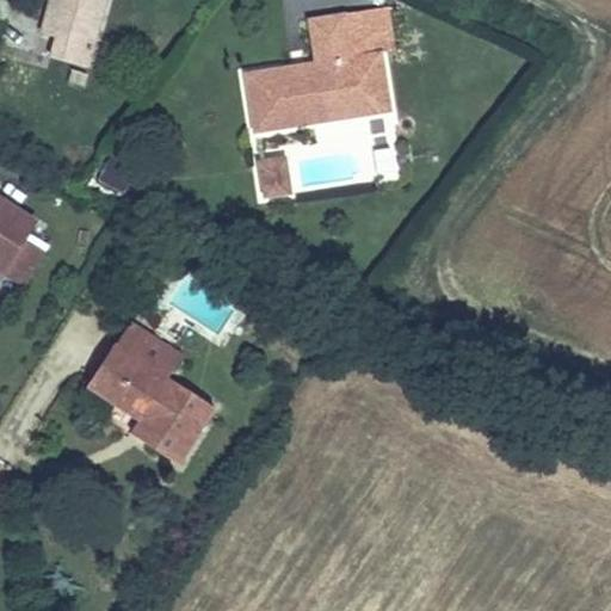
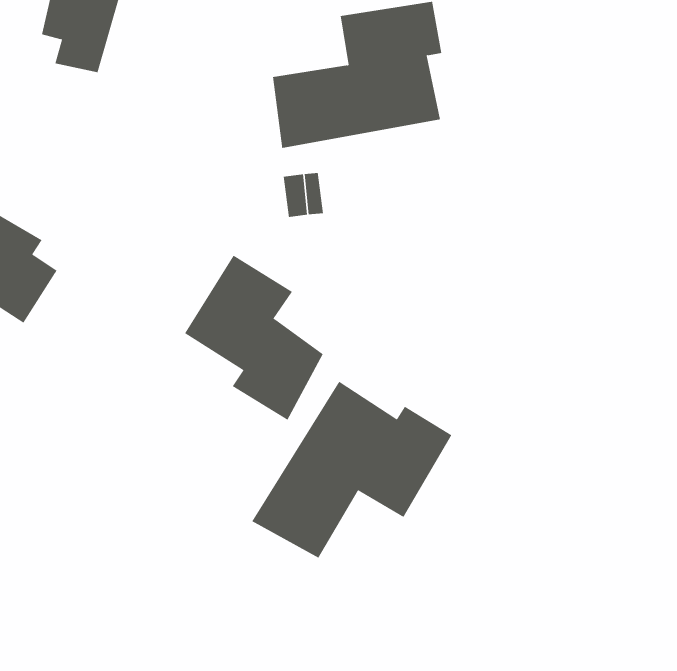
building: [86,320,211,469] -> [184,255,324,421]
building: none -> [251,381,452,559]

